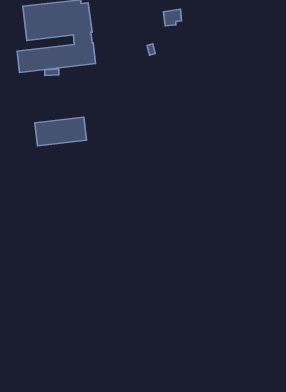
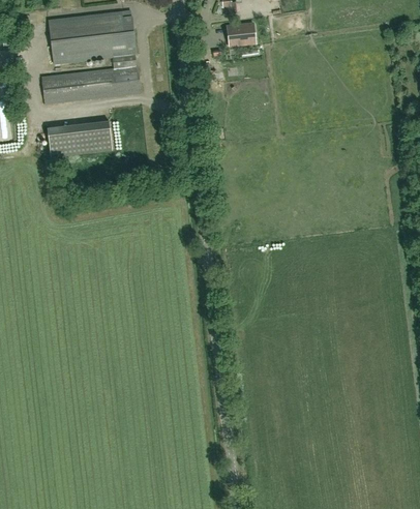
building: [35,117,86,146] -> [48,121,113,157]

